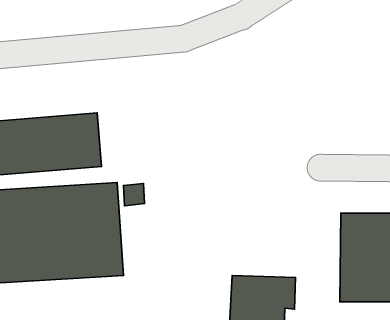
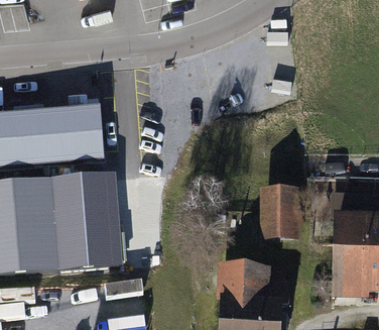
building: none -> [254,185,303,236]

